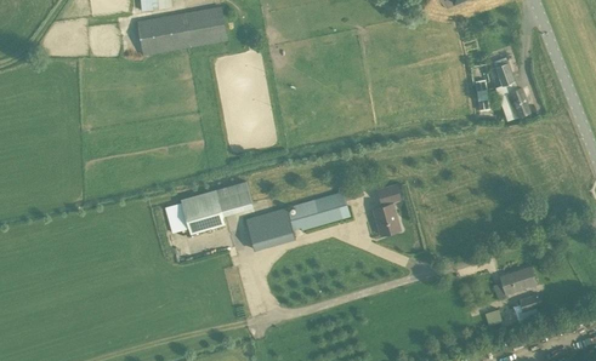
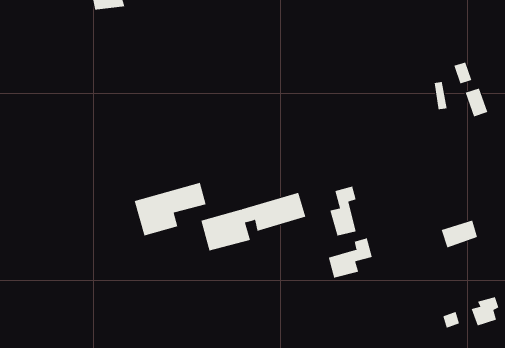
building: [136,8,226,55] -> none
building: none -> [328,238,372,278]
building: [499,267,535,294] -> [441,220,478,248]

